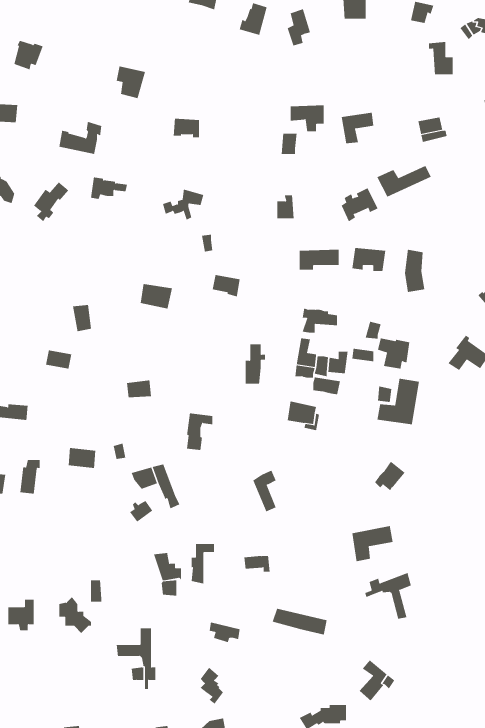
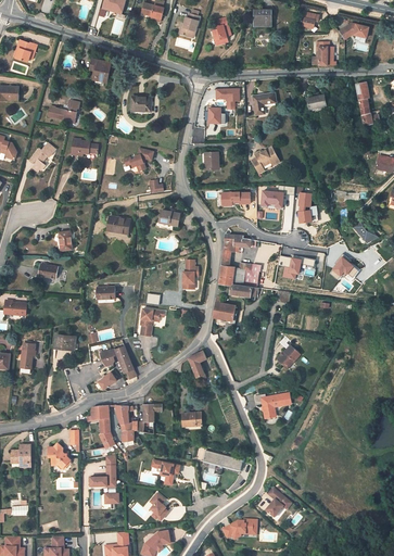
building: [377,165,431,197] -> none
building: [377,378,419,425] -> none
building: none -> [87,405,114,447]
building: [365,572,412,619] -> none

